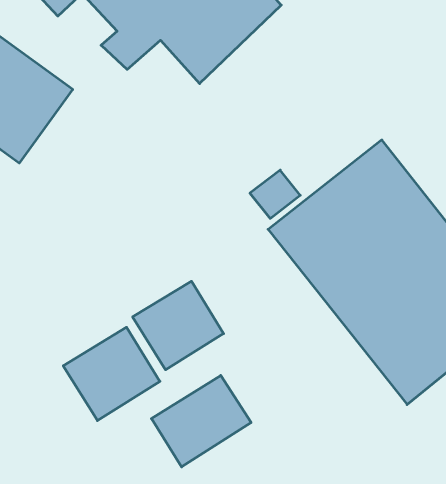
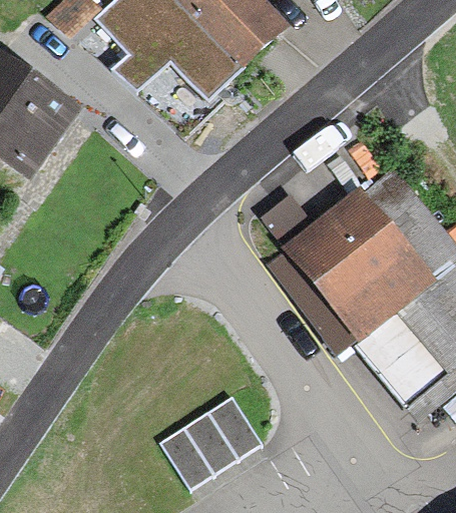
building: [133,281,224,370] -> none
building: [63,327,160,421] -> none

